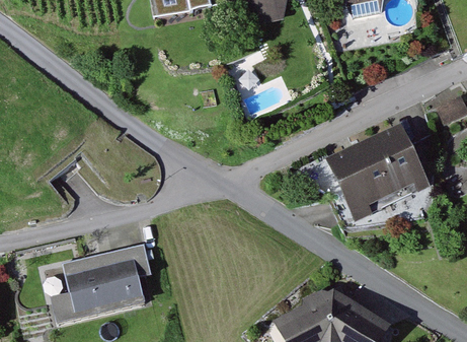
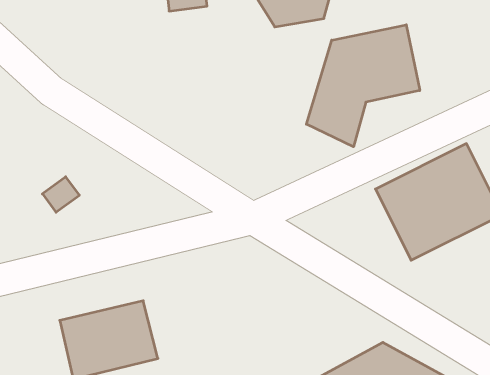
building: none -> [306,25,420,147]

